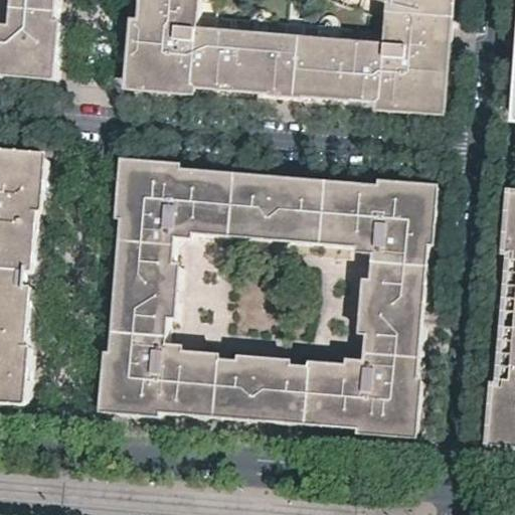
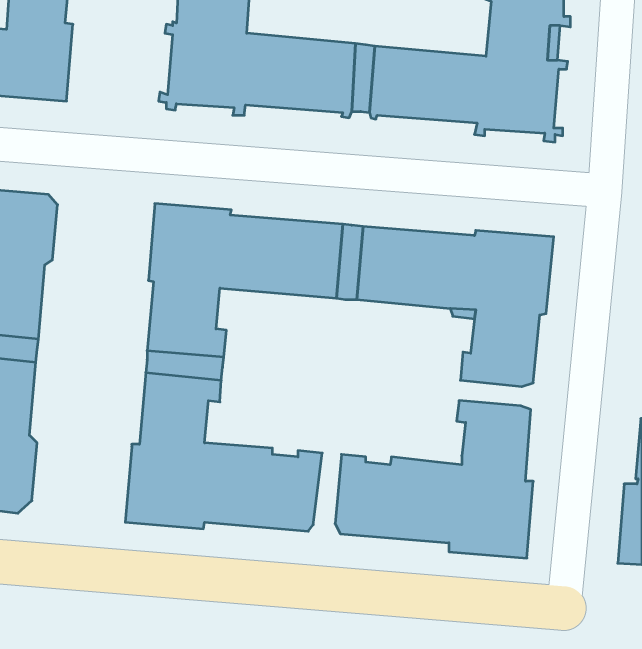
building: [361,299,419,322] -> none
building: [242,356,269,419] -> none

